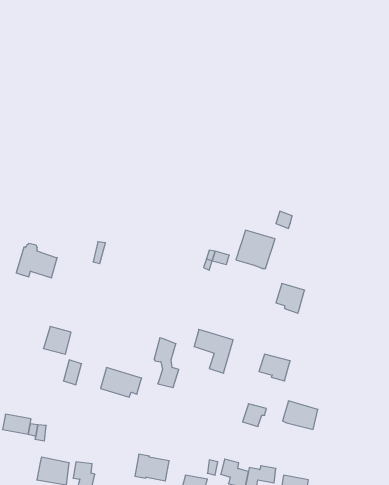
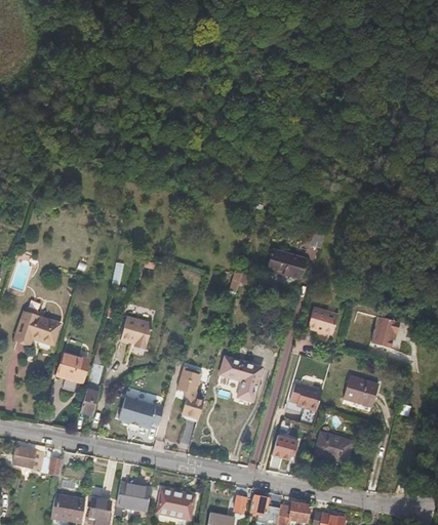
building: [16,243,57,278] -> [15,308,59,345]
building: none -> [119,315,150,347]
building: none -> [371,315,401,347]
building: none -> [345,375,379,406]
building: none -> [116,482,151,510]

